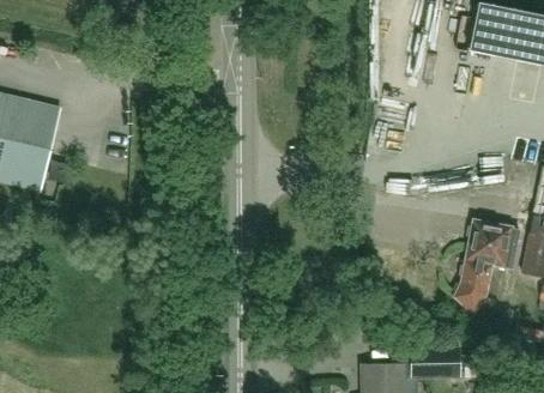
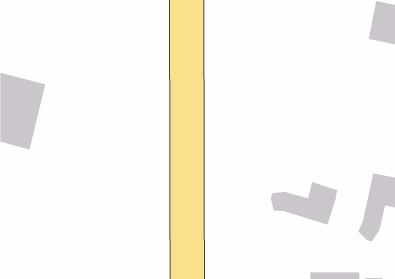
building: none -> [270,181,338,225]

